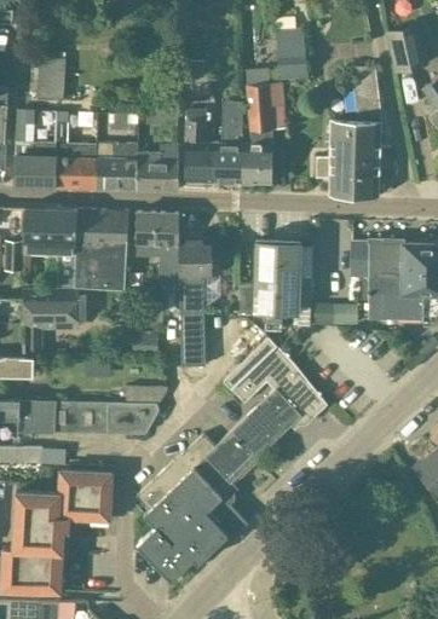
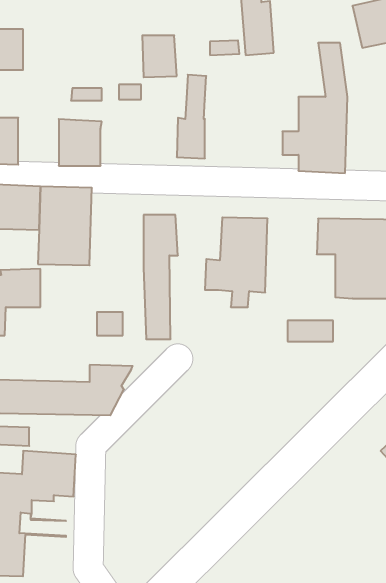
building: [240,85,284,184] -> none
building: [184,112,213,183] -> none
building: [56,123,96,191] -> none
building: [137,147,178,192] -> none
building: [137,213,179,291] -> none
building: [310,303,355,324] -> [288,321,333,341]
building: [137,339,328,582] -> none

